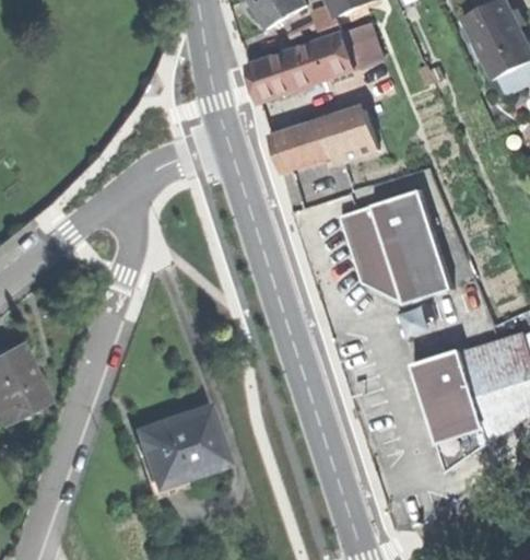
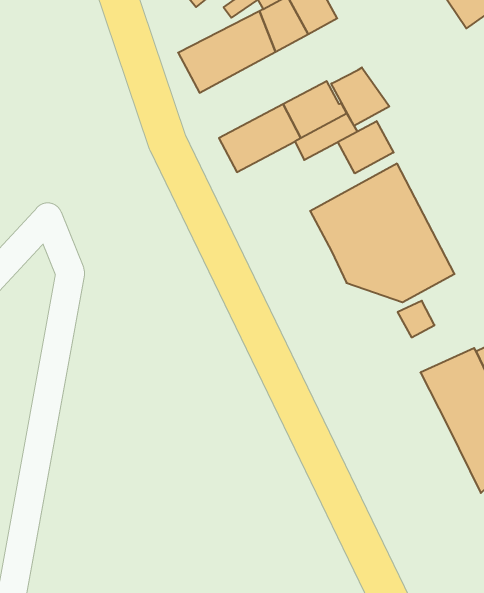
building: none -> [331,67,389,126]
building: none -> [338,121,394,173]
building: [128,407,216,486] -> none

